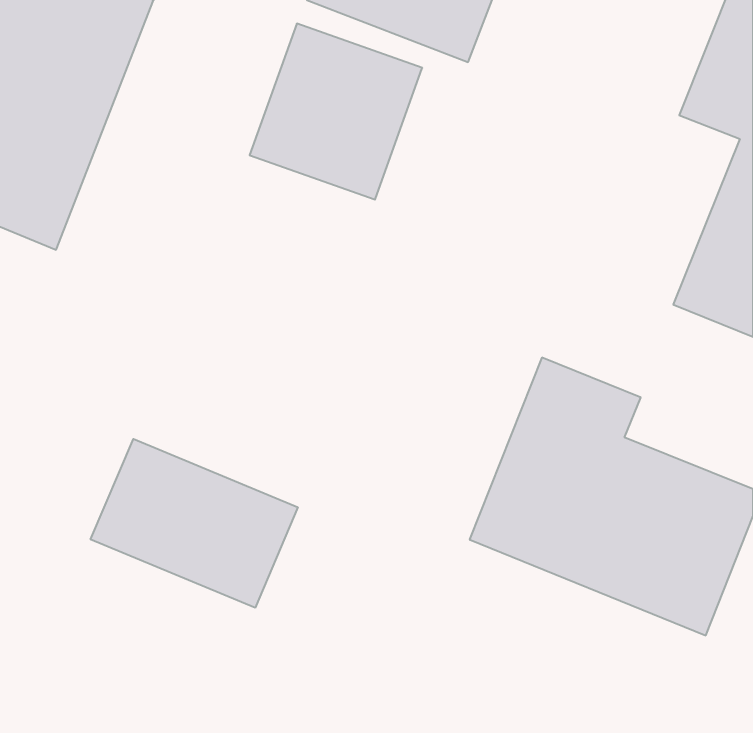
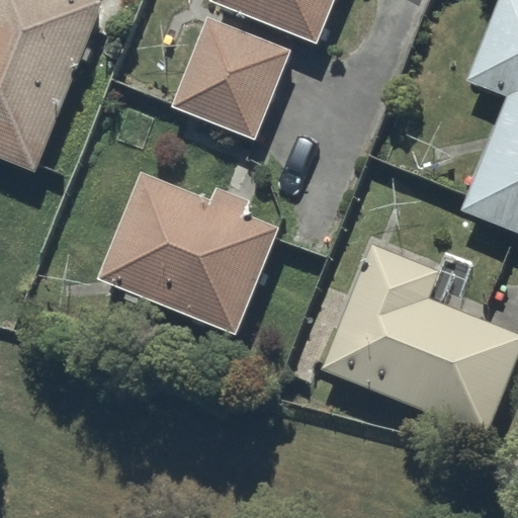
building: none -> [101,174,281,337]
building: [91,439,298,608] -> none

